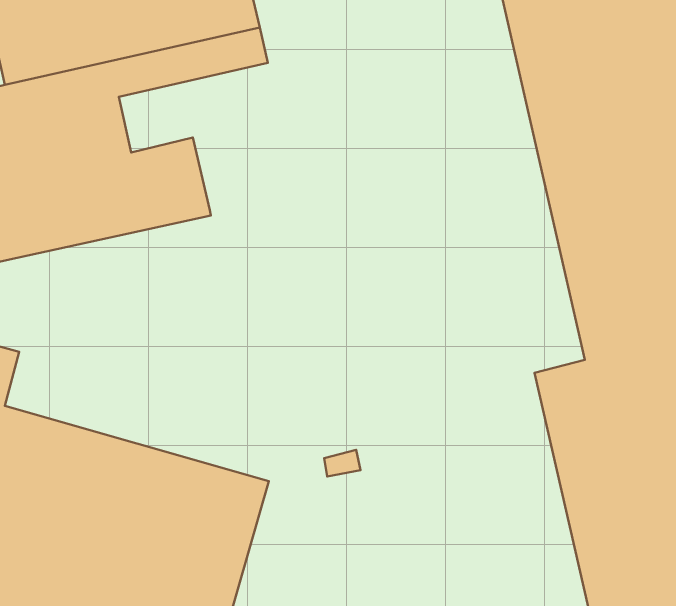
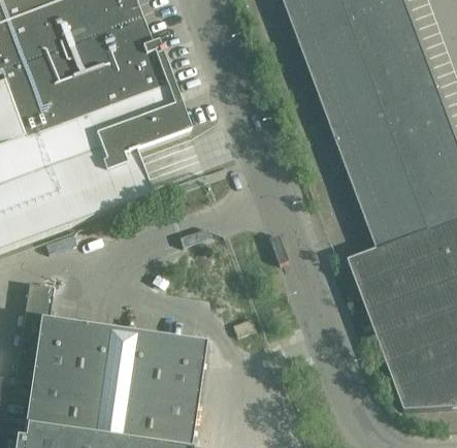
building: none -> [89,98,189,162]

